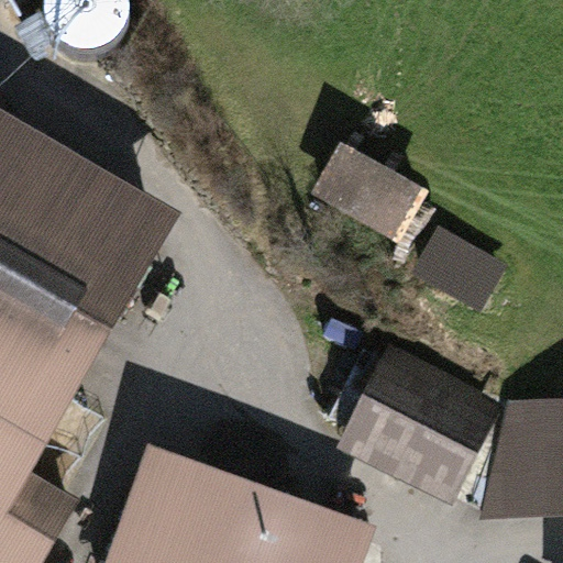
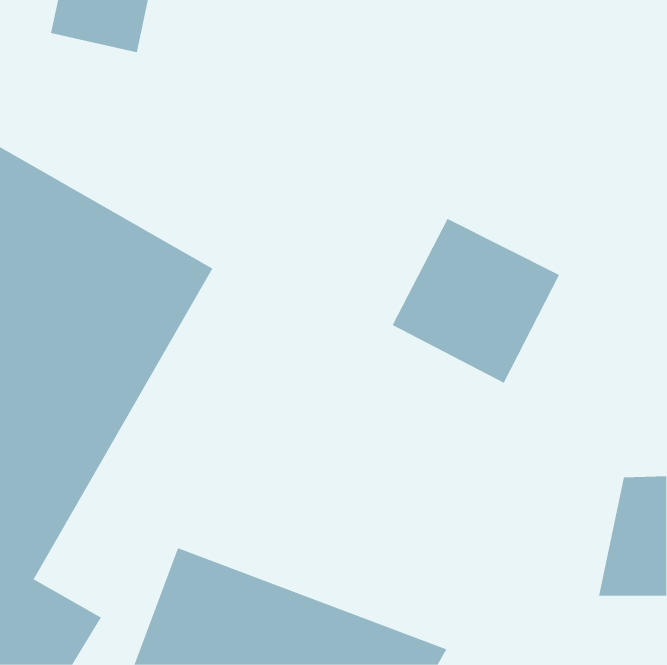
building: [323,330,497,483] -> none

